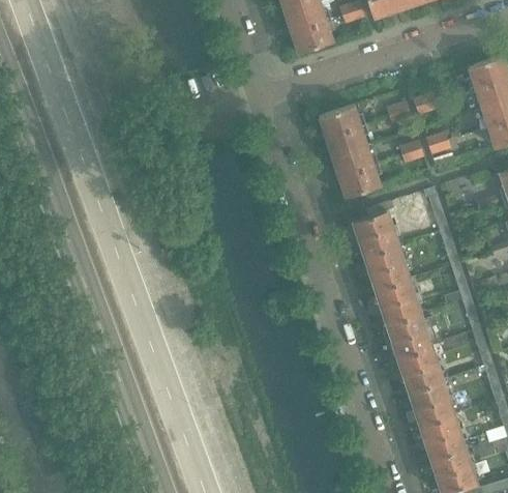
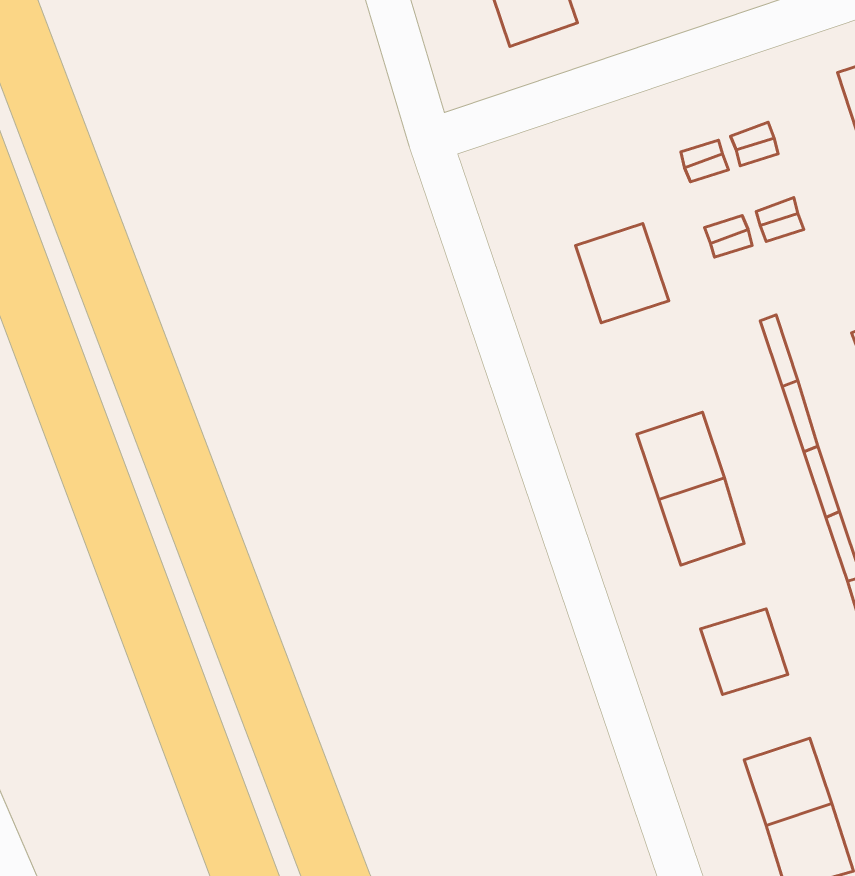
building: [319,105,367,156] -> none
building: [353,209,398,255] -> none
building: [387,312,431,356] -> none
building: [409,380,454,425] -> none

